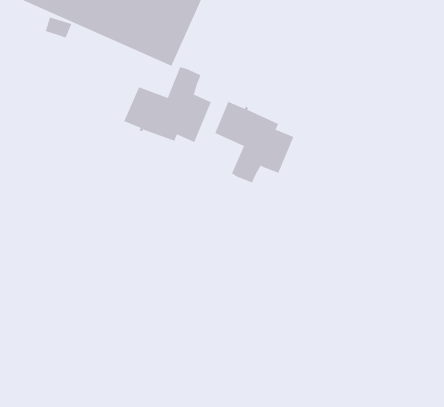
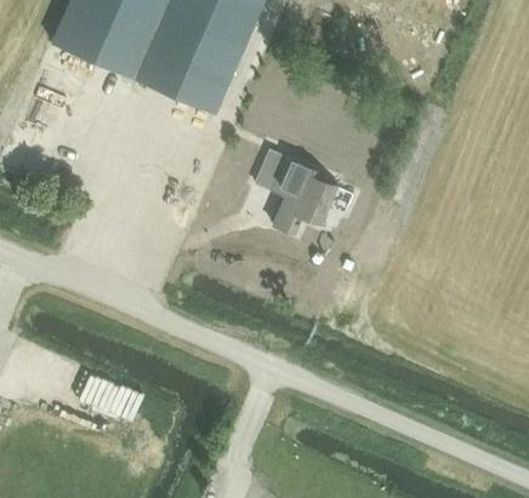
building: [124,67,212,143] -> none

